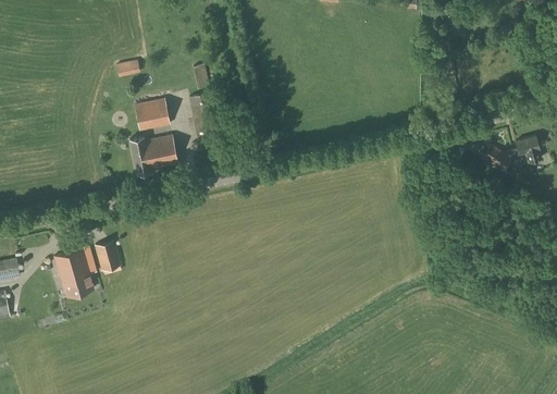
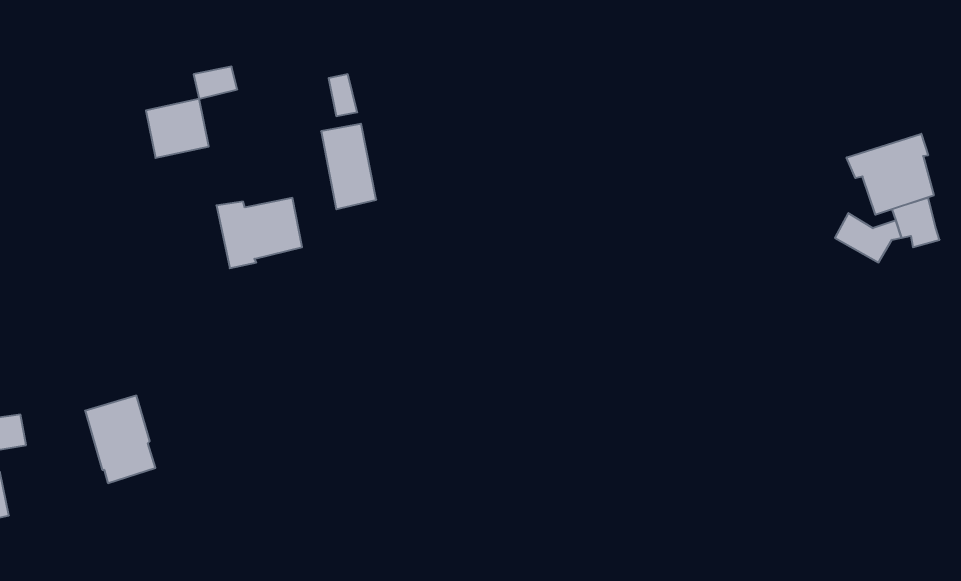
building: [134,98,170,132] -> [146,99,209,158]
building: none -> [847,134,934,215]
building: [94,241,122,271] -> none

